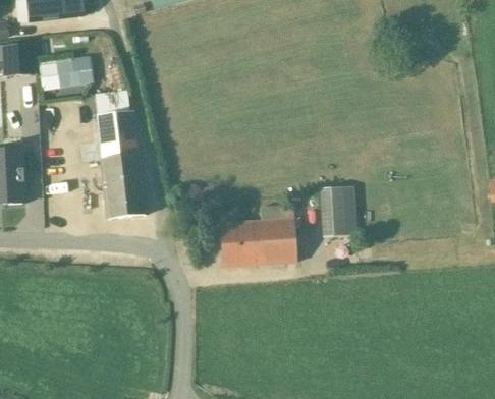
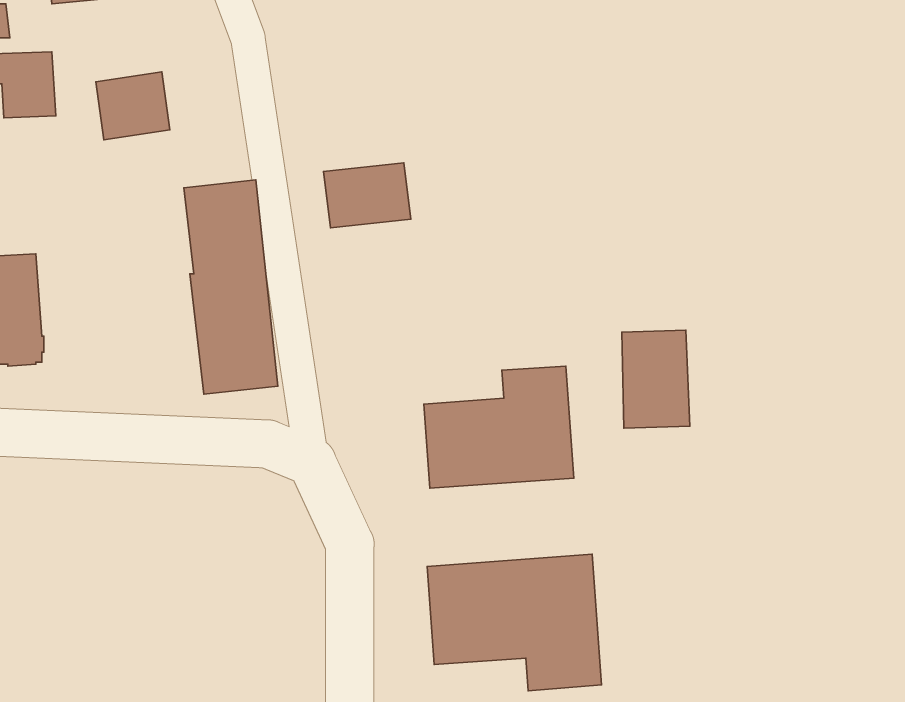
building: none -> [323,163,411,228]
building: none -> [427,554,602,691]

